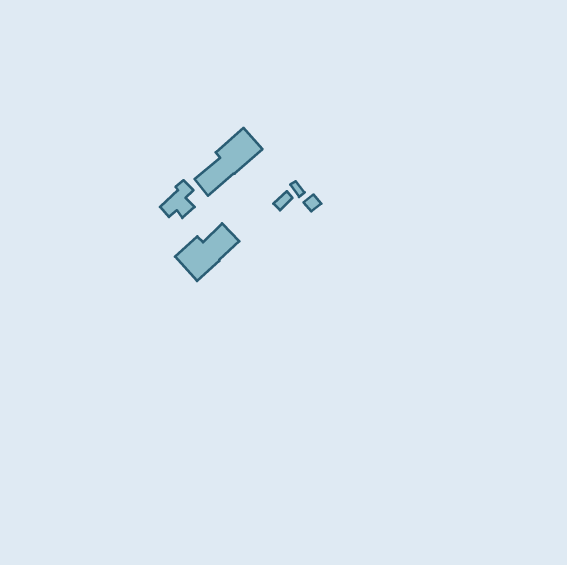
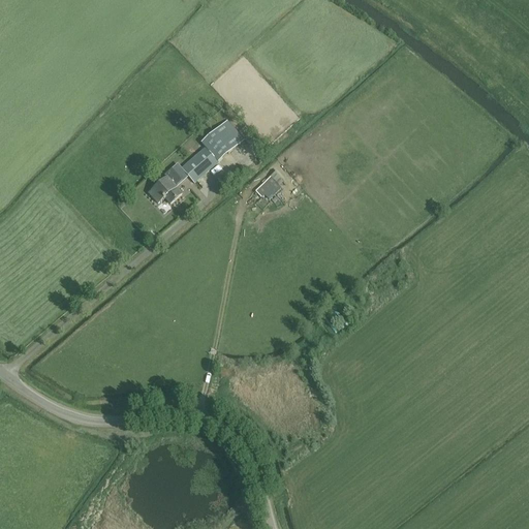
building: [175,223,239,281] -> none

